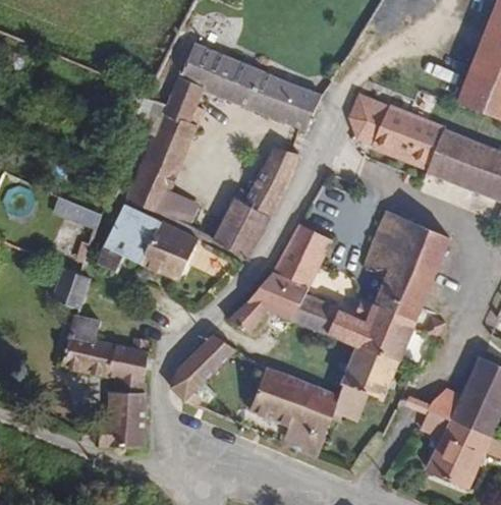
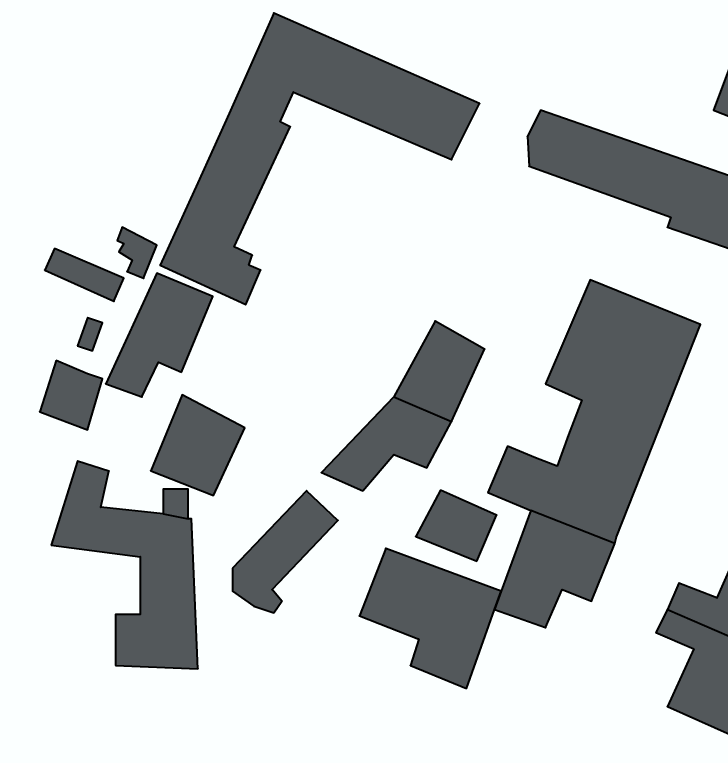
building: [211,144,296,255] -> none
building: [137,216,196,278] -> [151,395,245,495]
building: [289,293,339,337] -> [416,490,497,561]

